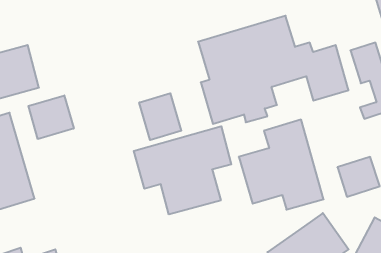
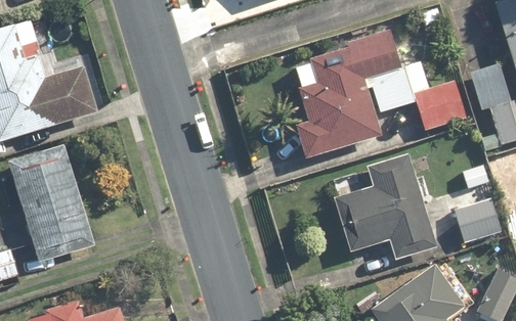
building: [139,93,181,140] -> none
building: [28,95,74,139] -> none
building: [134,126,231,214] -> none

